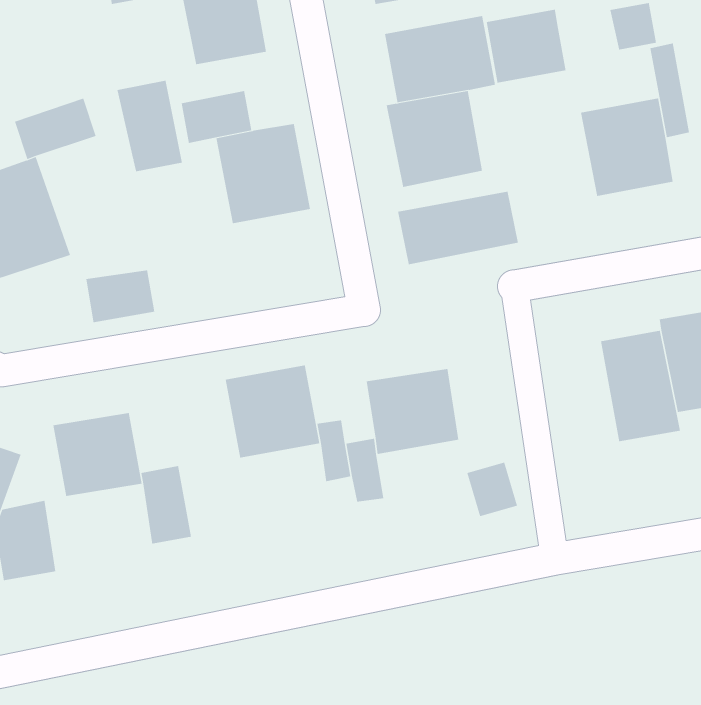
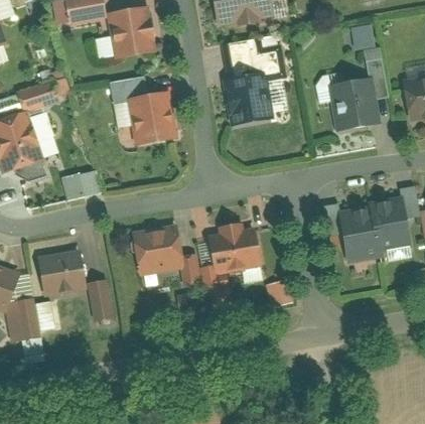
building: [486,9,566,83] -> none
building: [117,80,183,172] -> none
building: [397,191,518,265] -> none

